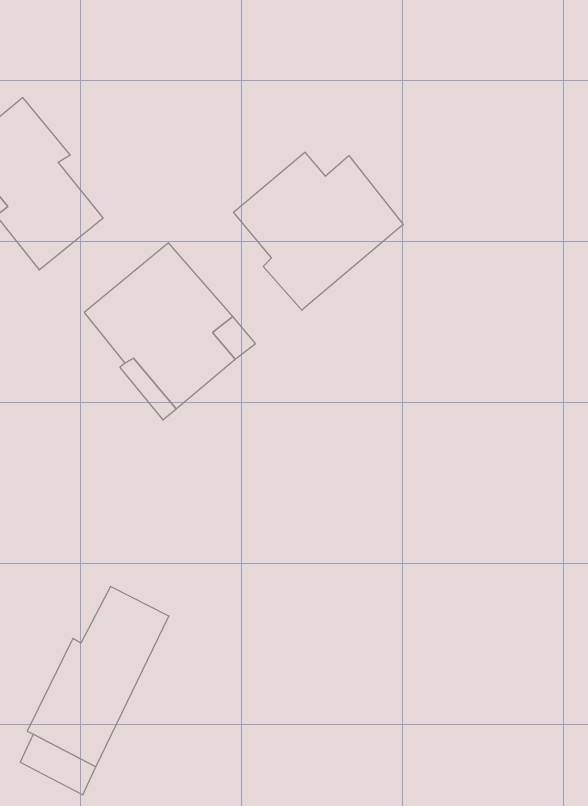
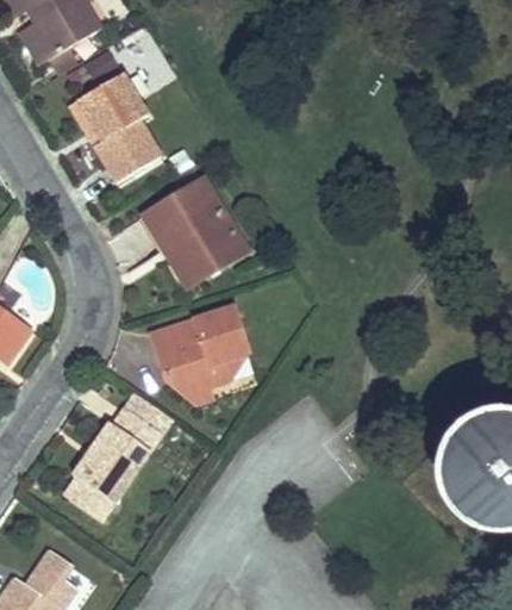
building: [234,152,403,310] -> none
building: none -> [154,306,246,403]

